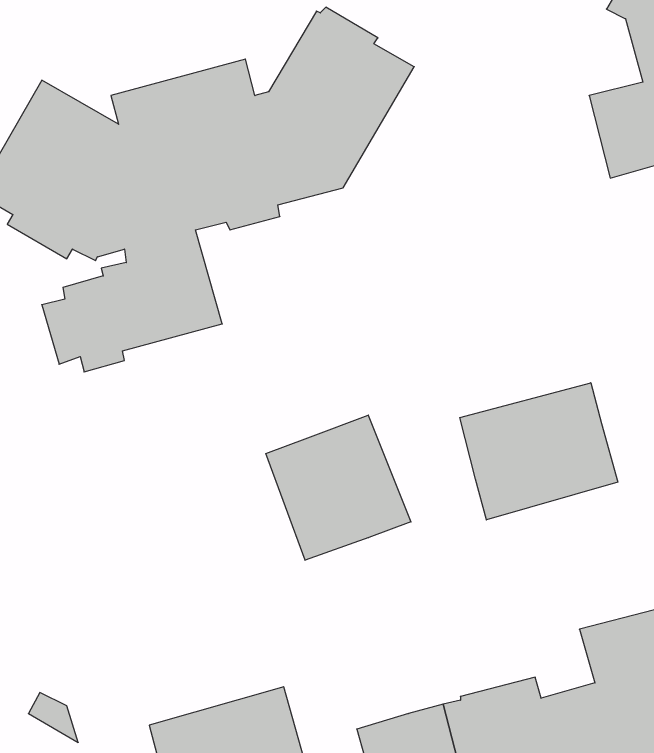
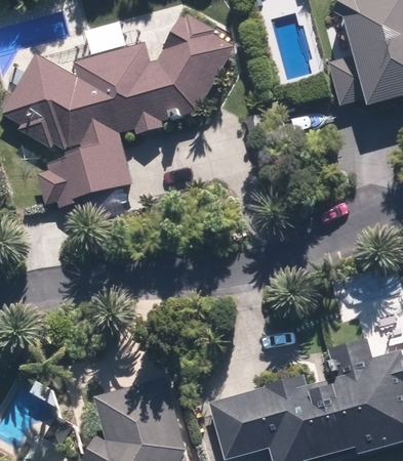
building: [460,383,618,520] -> none
building: [266,415,411,560] -> none

